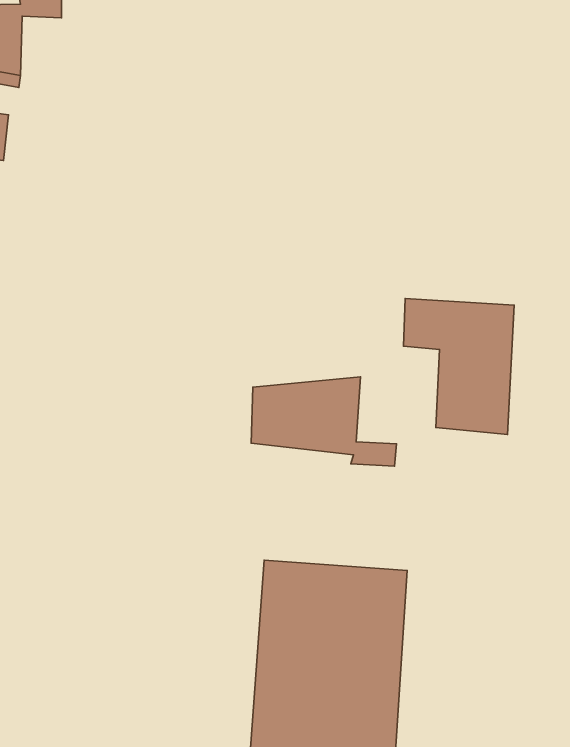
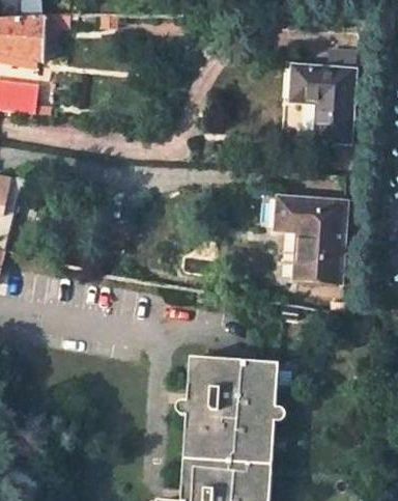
building: none -> [291,66,352,140]
building: [251,377,396,466] -> none

